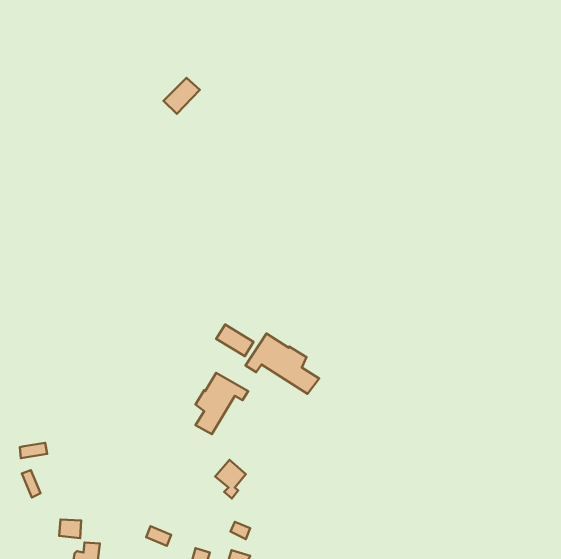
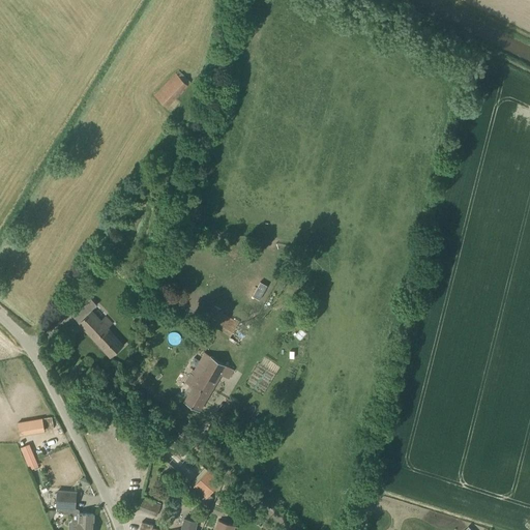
building: none -> [70,297,124,358]
building: [245,334,319,394] -> none
building: [215,460,246,498] -> [192,469,220,505]

